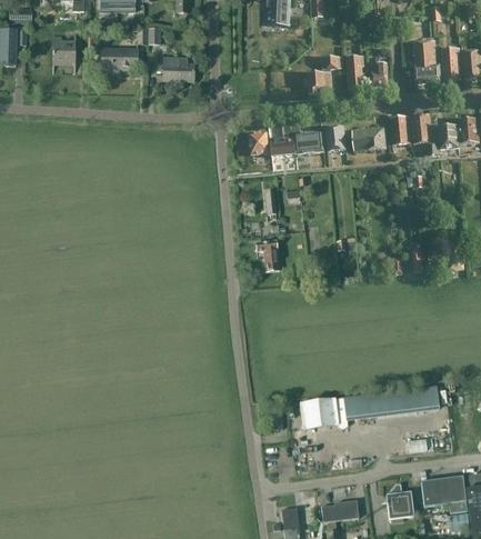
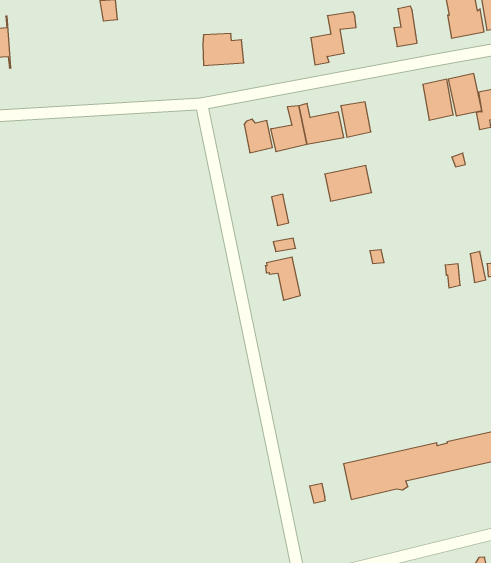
building: [101,49,138,69] -> none
building: [344,56,367,88] -> none
building: [162,57,193,81] -> [203,34,244,65]
building: [351,127,385,151] -> [325,166,372,201]

